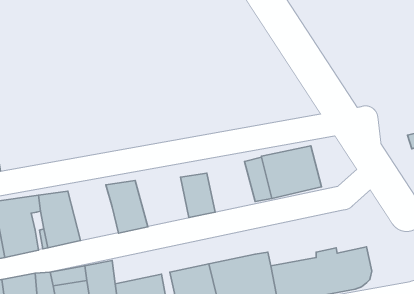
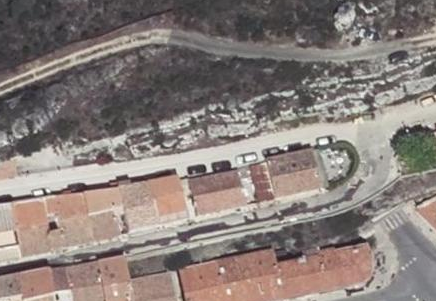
building: none -> [213,170,246,211]
building: none -> [145,176,188,225]
building: none -> [81,185,123,238]

